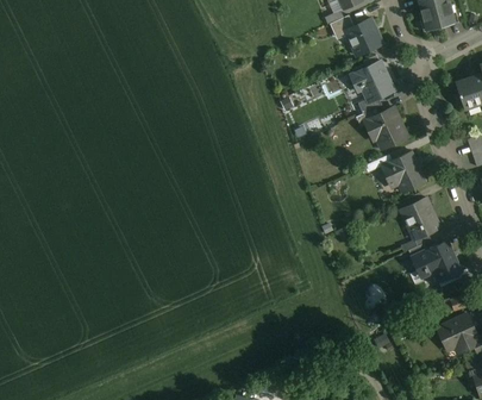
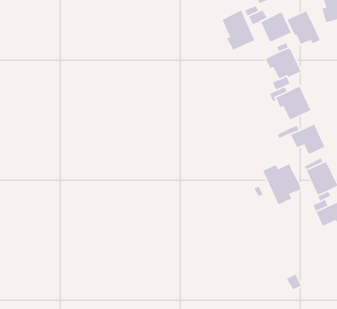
building: none -> [221,10,256,51]
building: none -> [286,10,321,45]
building: none -> [262,163,302,205]

